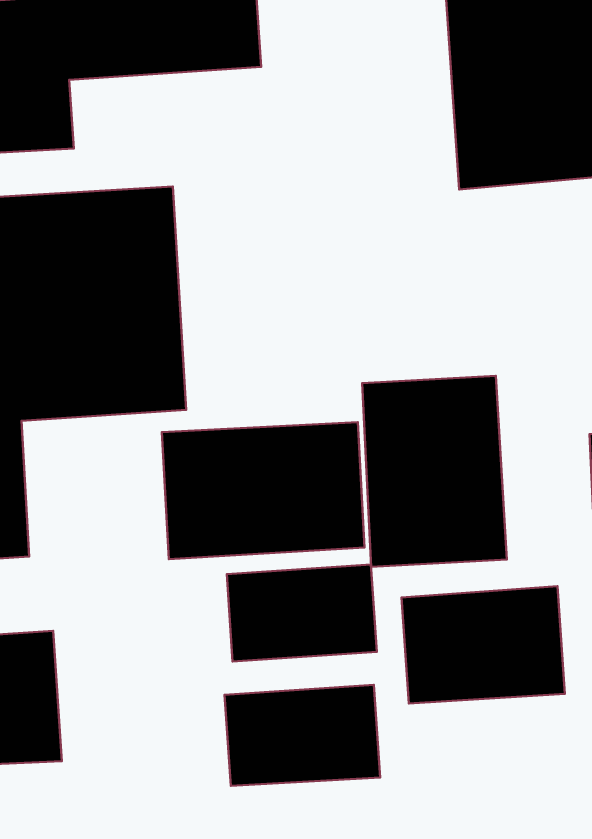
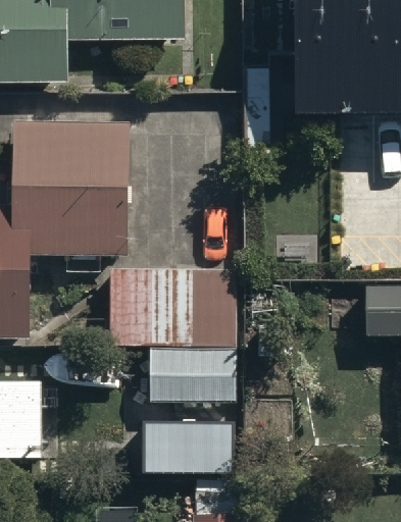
building: [362,376,507,567] -> none
building: [402,586,565,704] -> none

